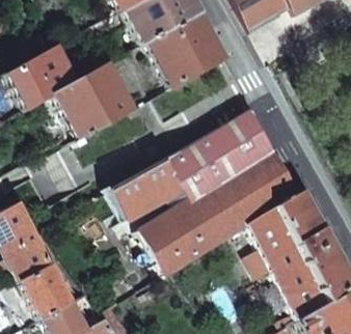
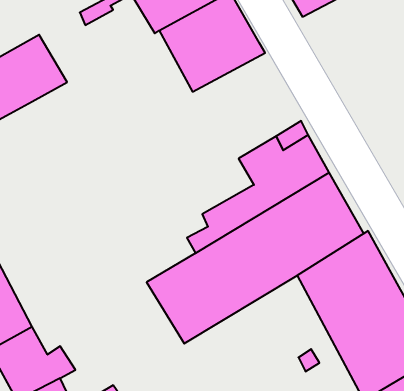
building: [53,63,135,139] -> none
building: [110,138,218,220] -> none

